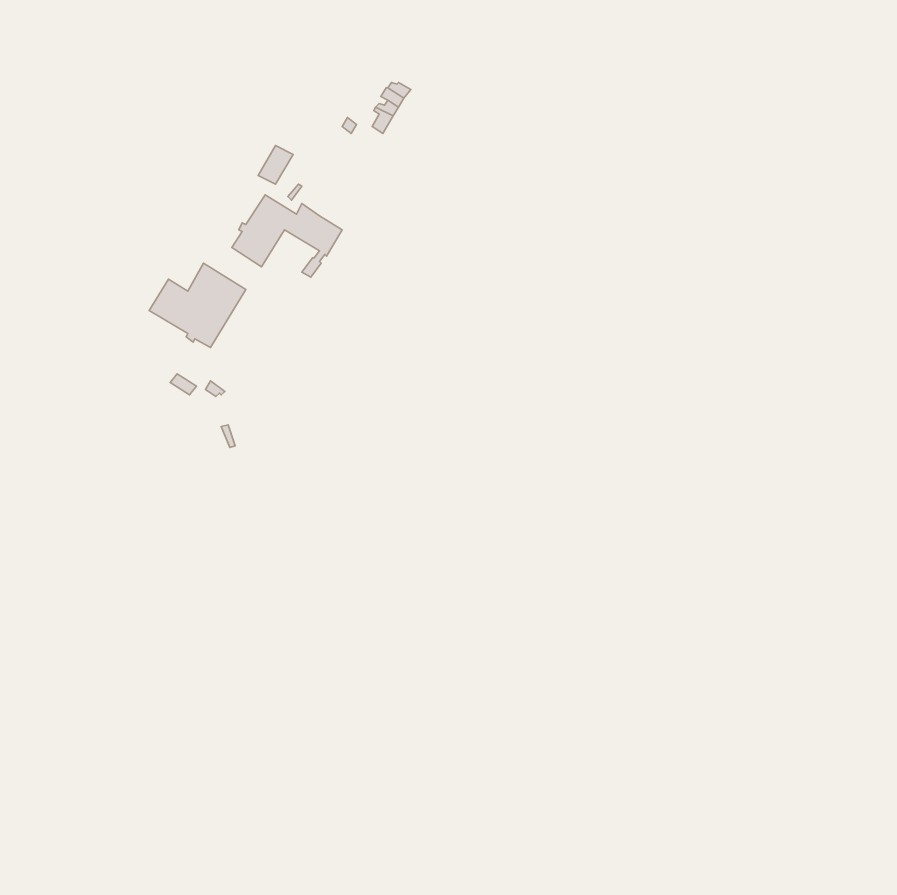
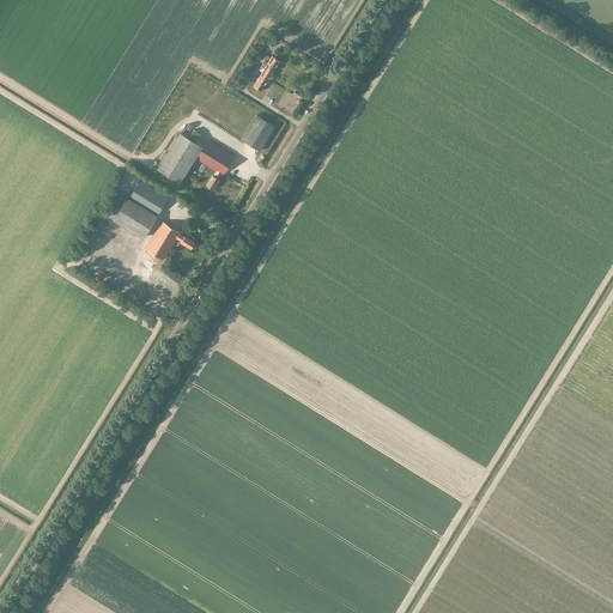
building: none -> [242,116,274,151]
building: none -> [145,221,195,261]

